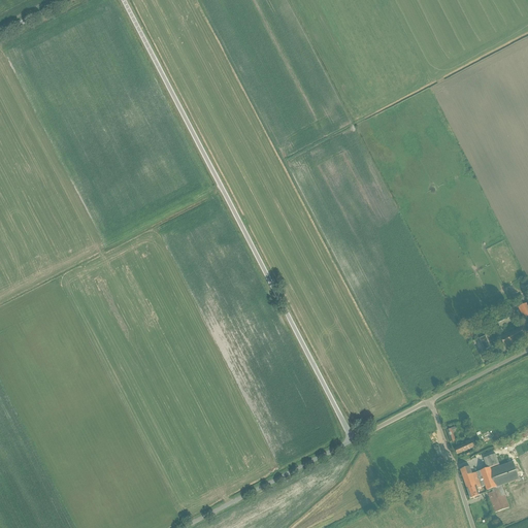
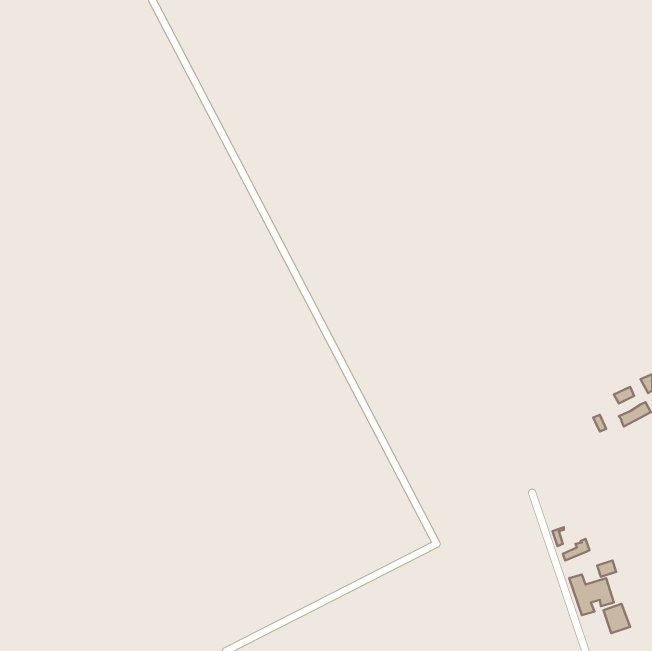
building: [491,460,519,486] -> none

